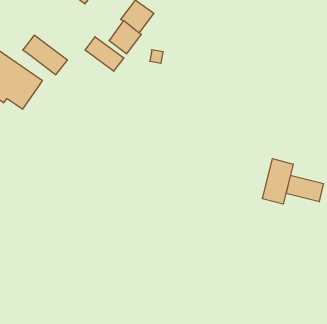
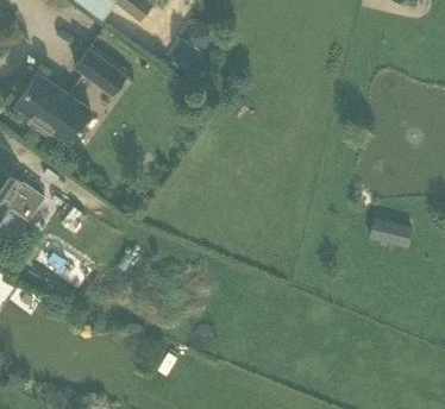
building: [85,37,124,71] -> none
building: [263,159,293,204] -> none

